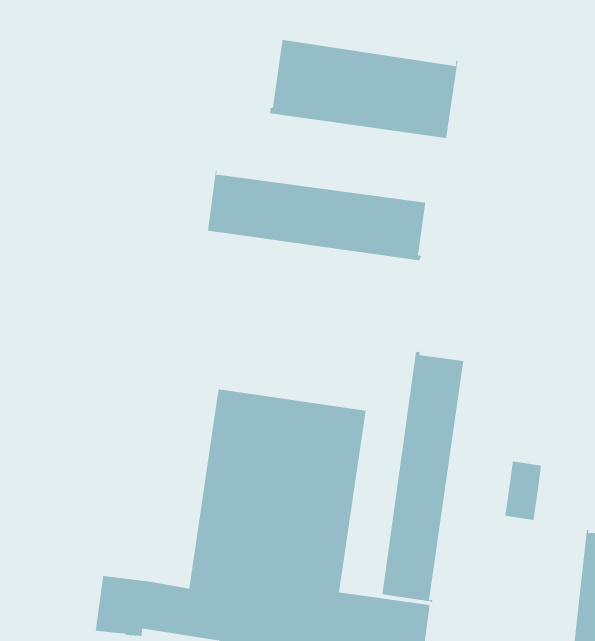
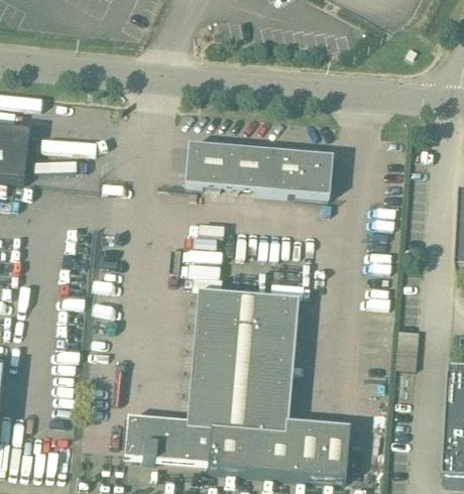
building: [270,39,458,139] -> none
building: [382,351,464,603] -> none

